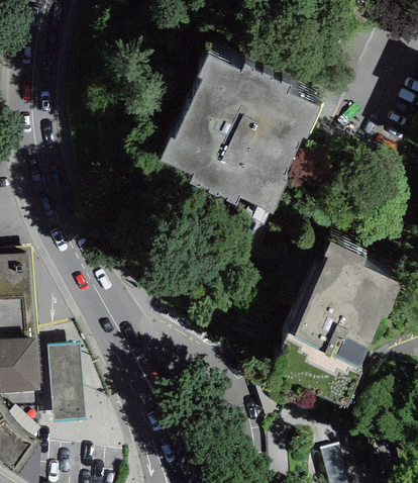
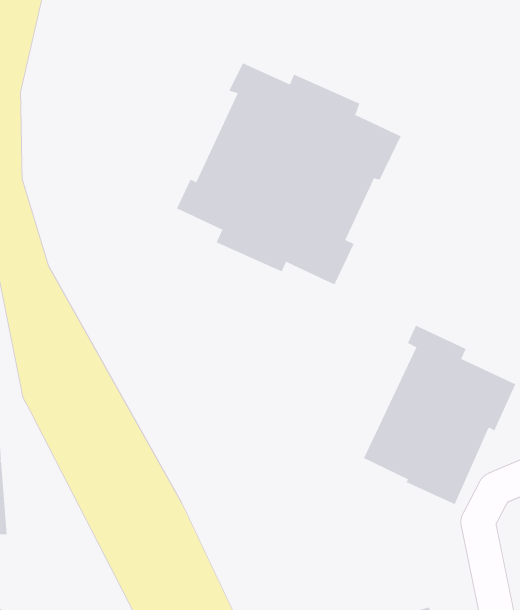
building: [46,343,84,419] -> none

